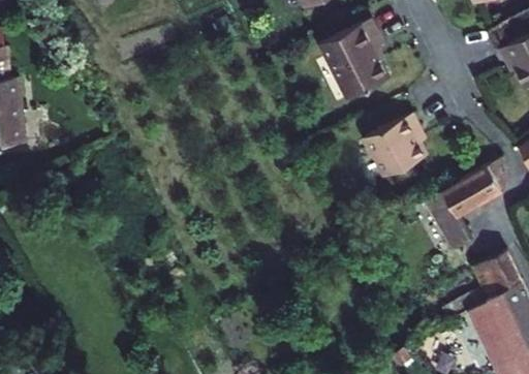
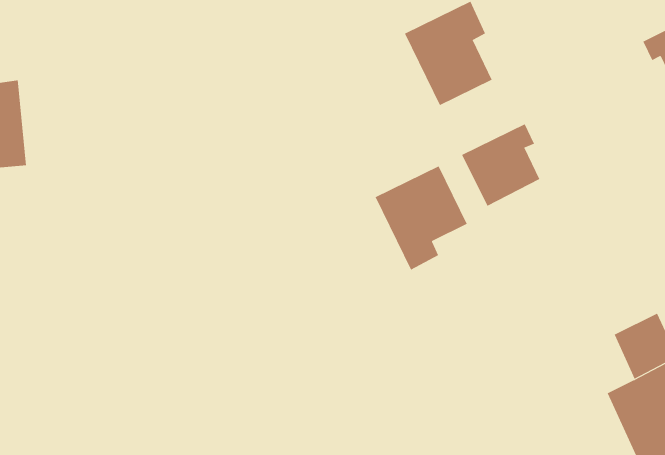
building: none -> [375,165,467,270]
building: [429,163,508,254] -> none

